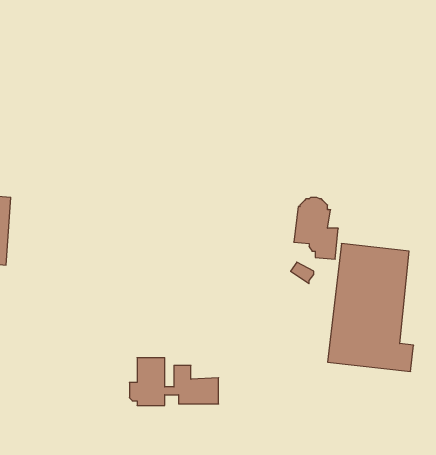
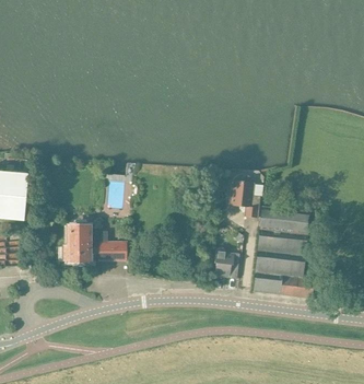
building: none -> [215,246,240,278]
building: [129,358,219,405] -> [63,226,127,260]

